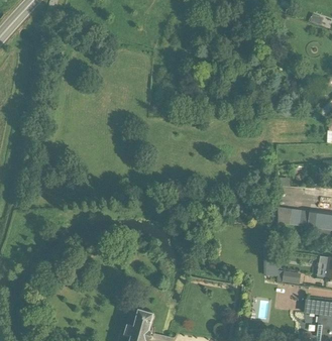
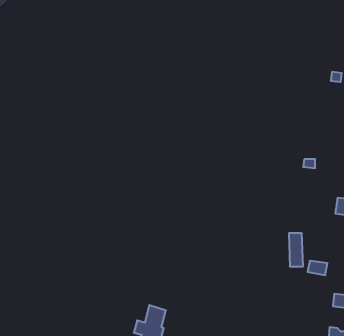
building: [278,207,309,227] -> none

